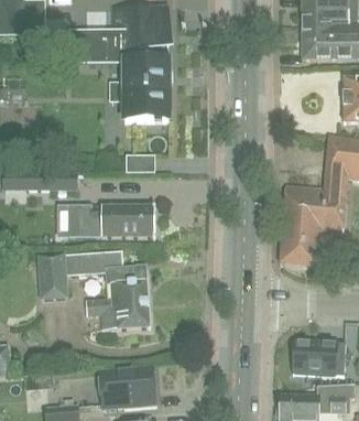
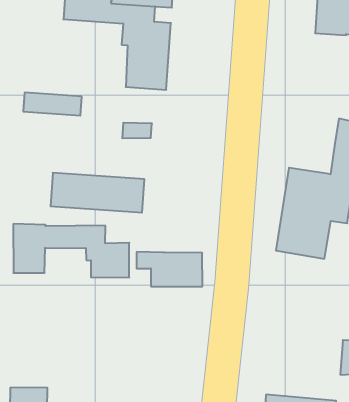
building: [24,171,77,188] -> [23,93,82,116]
building: [86,295,149,330] -> [137,252,202,286]
building: [292,339,345,376] -> none
building: [100,366,155,406] -> none

